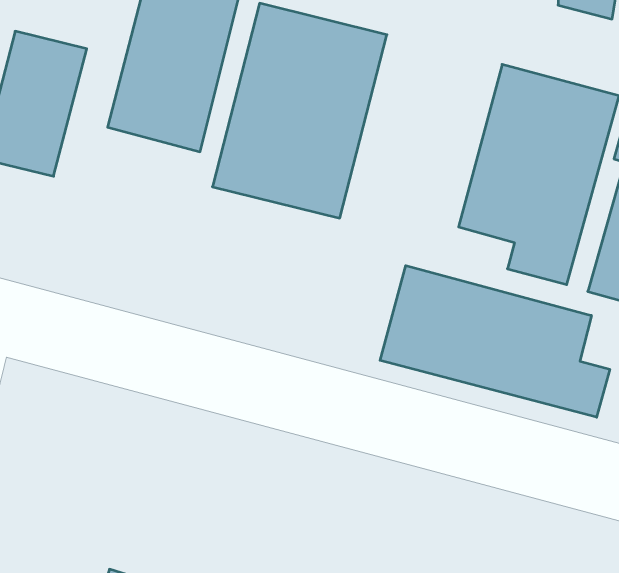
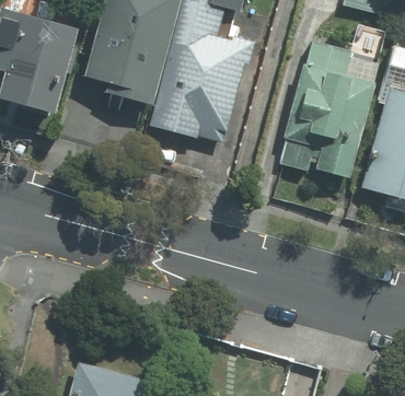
building: [380,266,610,417] -> none

